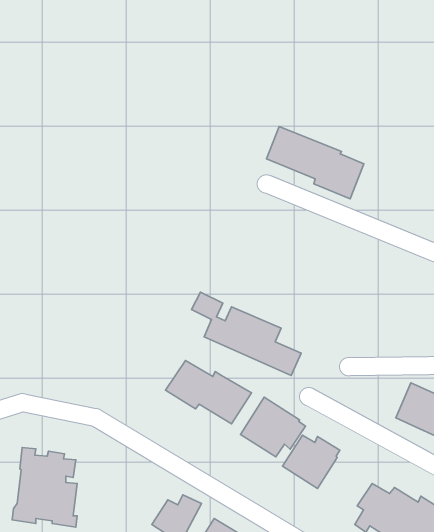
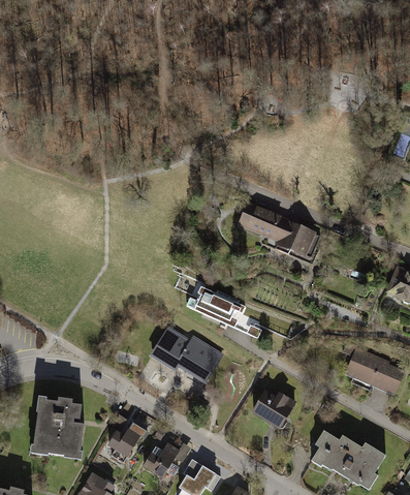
building: [267,127,364,199] -> [238,198,318,258]
building: [241,397,306,457] -> none
building: none -> [109,417,152,458]

